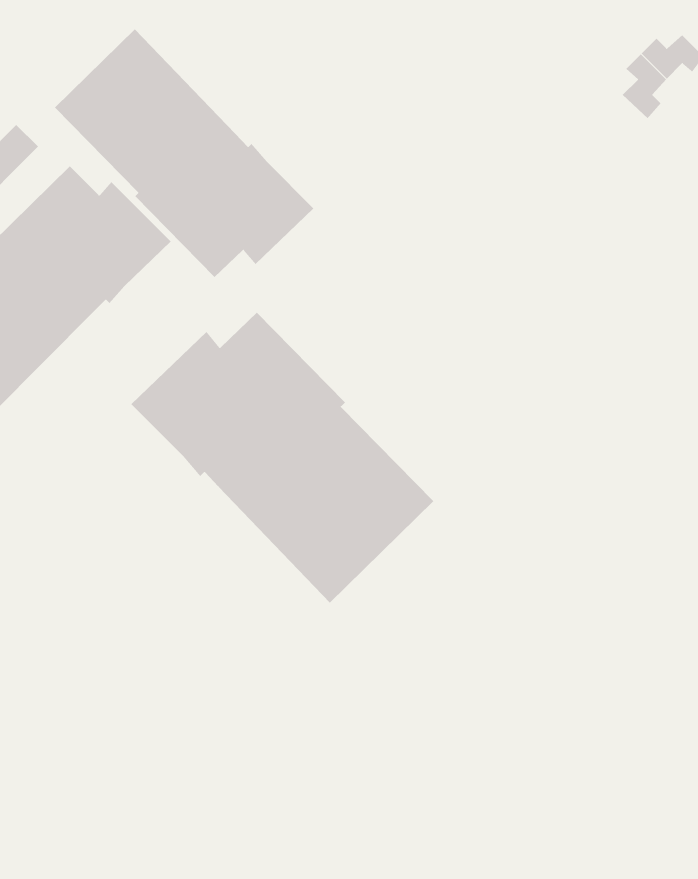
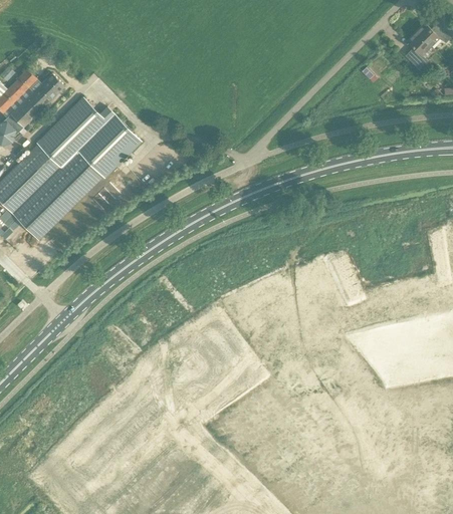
building: [54,28,314,278] -> none
building: [131,312,434,603] -> none

